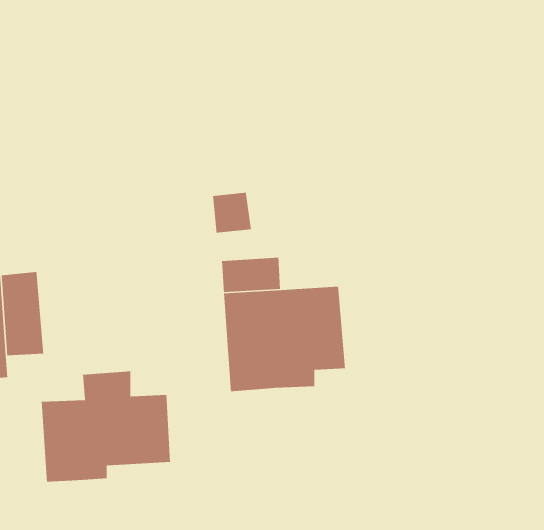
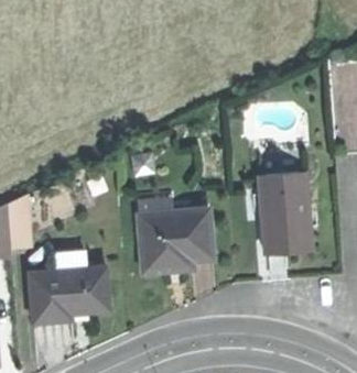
building: none -> [261,173,313,253]

